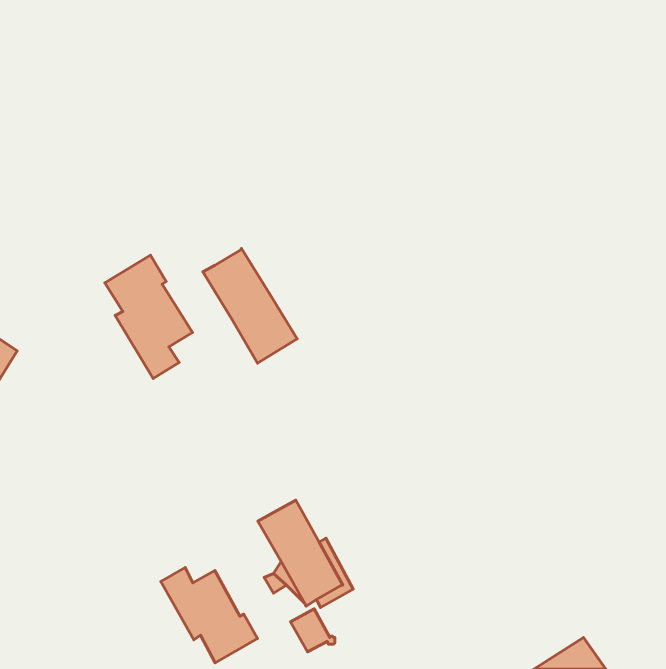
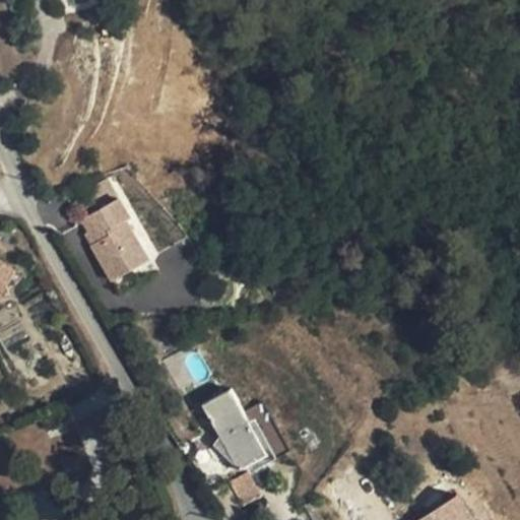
building: [203,249,297,363] -> none
building: [161,568,258,663] -> none

